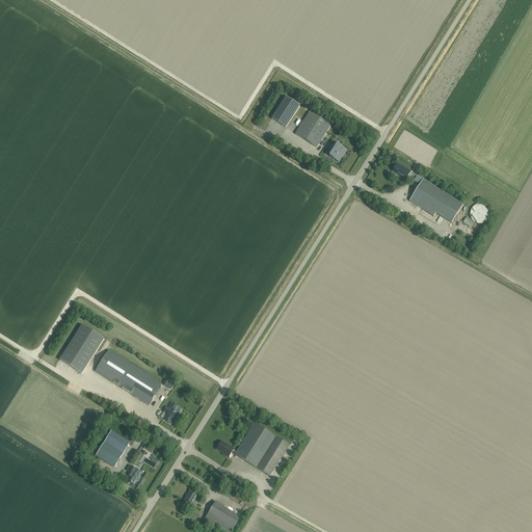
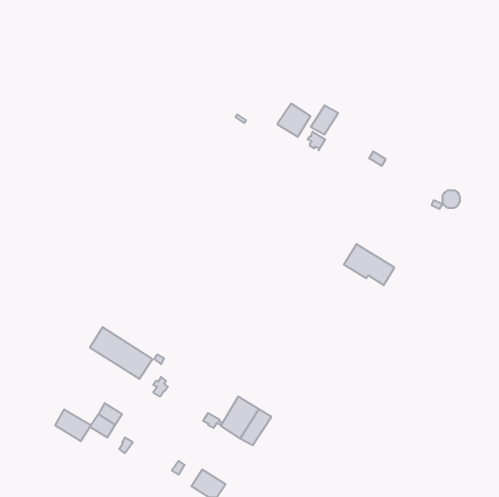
building: [271,95,300,126] -> [311,105,338,135]
building: [409,178,463,221] -> [344,244,394,285]
building: [59,323,104,373] -> none
building: none -> [55,409,91,441]

